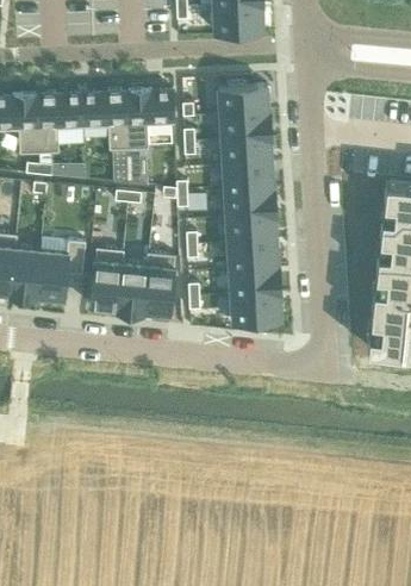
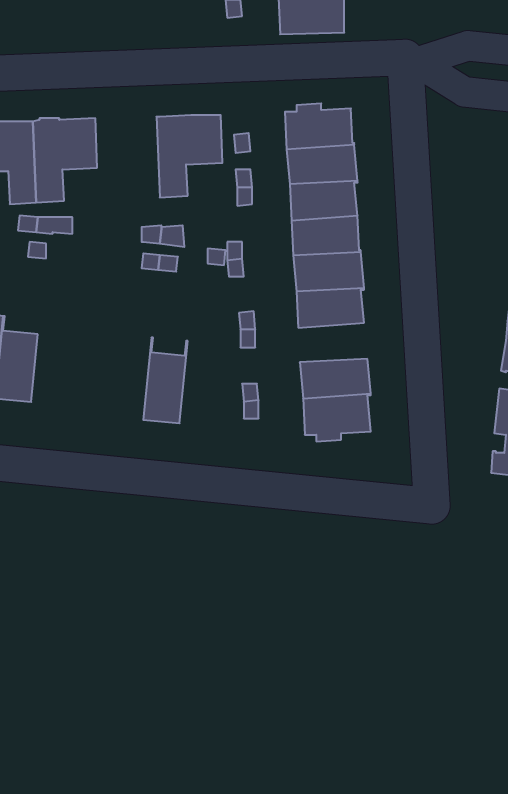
building: [81,91,127,151] -> none
building: [35,241,85,299] -> none
building: [228,241,278,269] -> none
building: [89,248,122,311] -> none
building: [142,254,174,314] -> none

